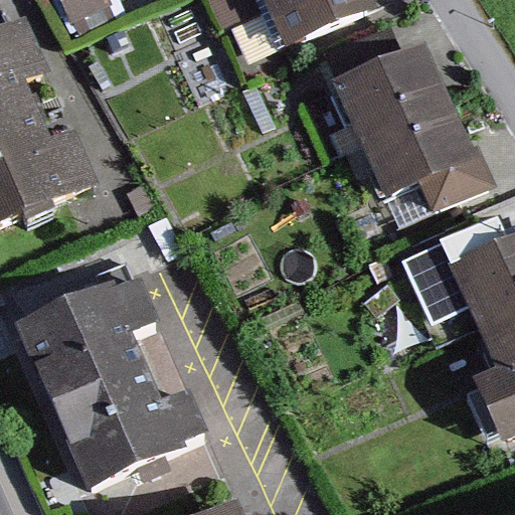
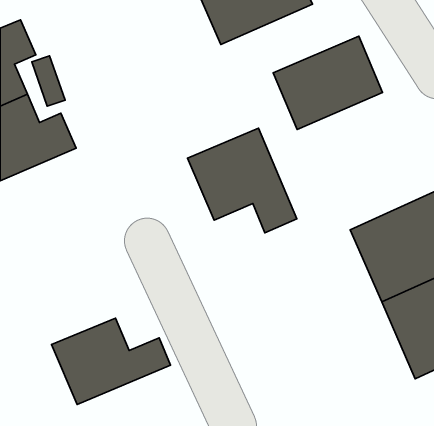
building: [353,109,483,218] -> none
building: none -> [187,128,297,233]
building: [33,284,157,404] -> none

